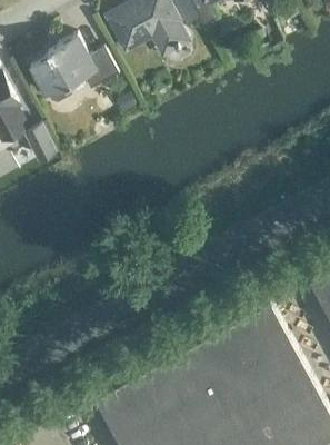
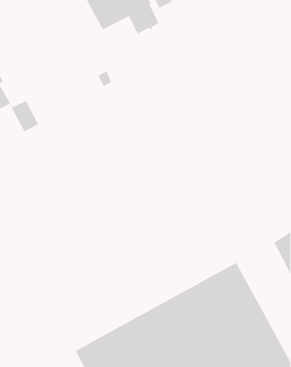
building: [29,34,118,102] -> none

